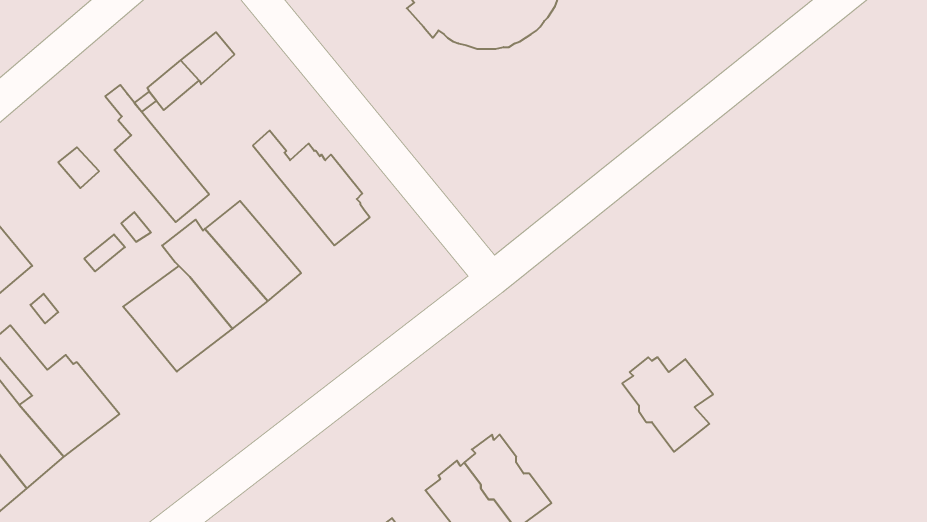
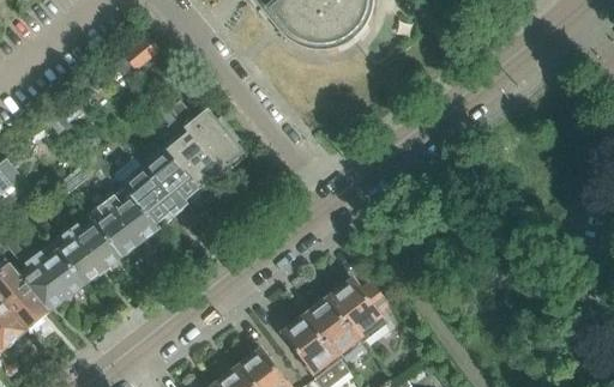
building: [105,85,209,222] -> [155,104,222,193]
building: none -> [55,223,120,284]
building: [622,357,713,452] -> [329,280,387,341]

